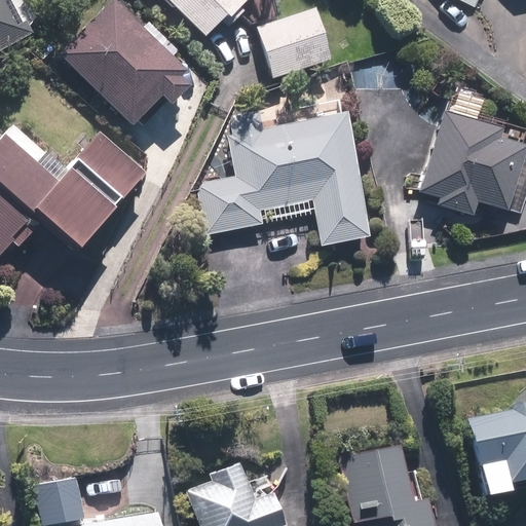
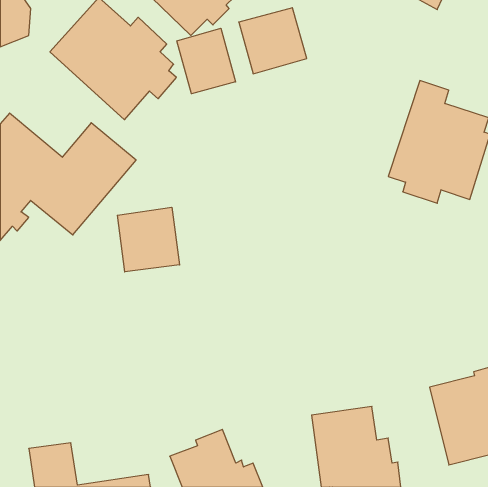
building: none -> [177,28,236,94]
building: [197,97,370,243] -> none
building: none -> [117,207,180,272]

